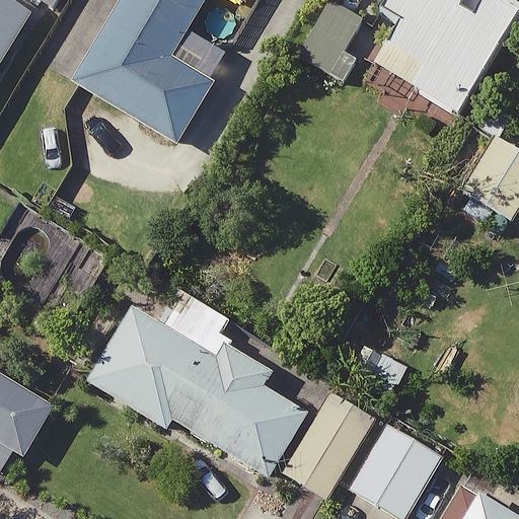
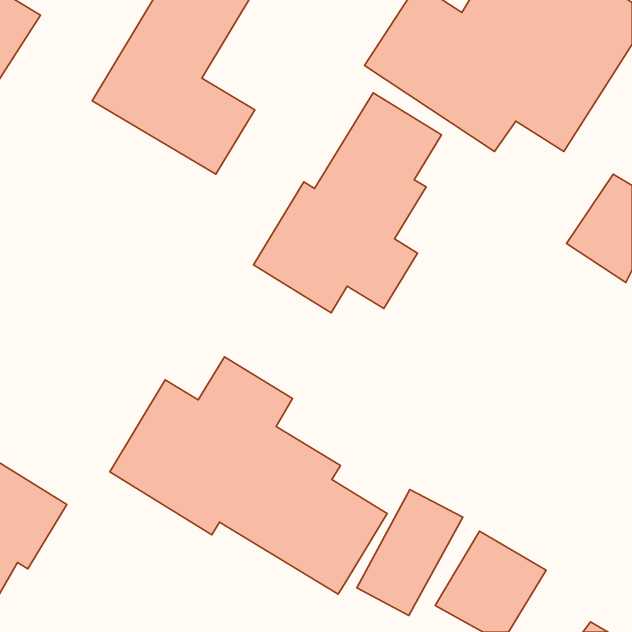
building: none -> [254,93,442,313]

